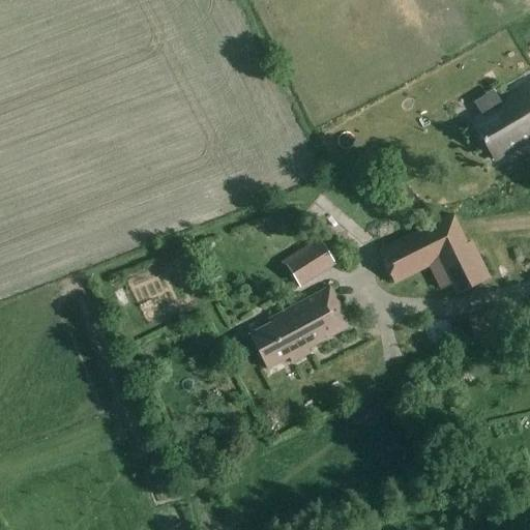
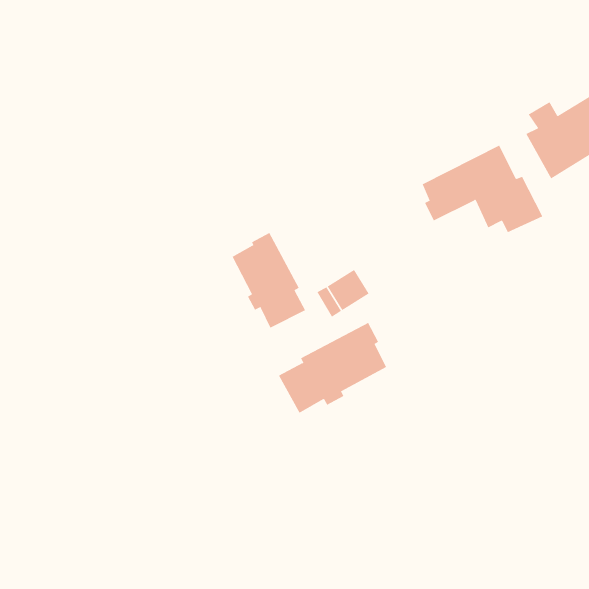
building: none -> [232,232,306,329]
building: [382,214,491,293] -> [422,145,543,233]

